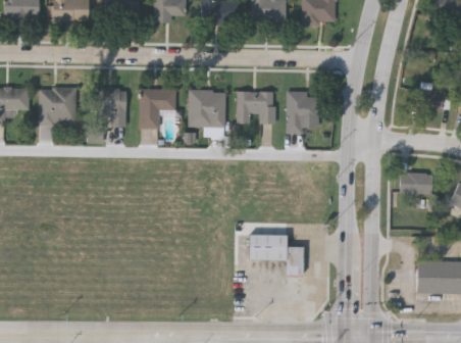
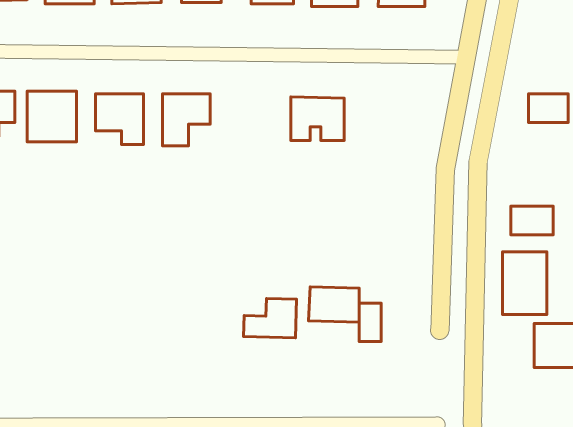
building: [189,91,225,127] -> none
building: [286,91,318,133] -> none
building: none -> [502,252,547,315]
building: none -> [243,298,297,338]

